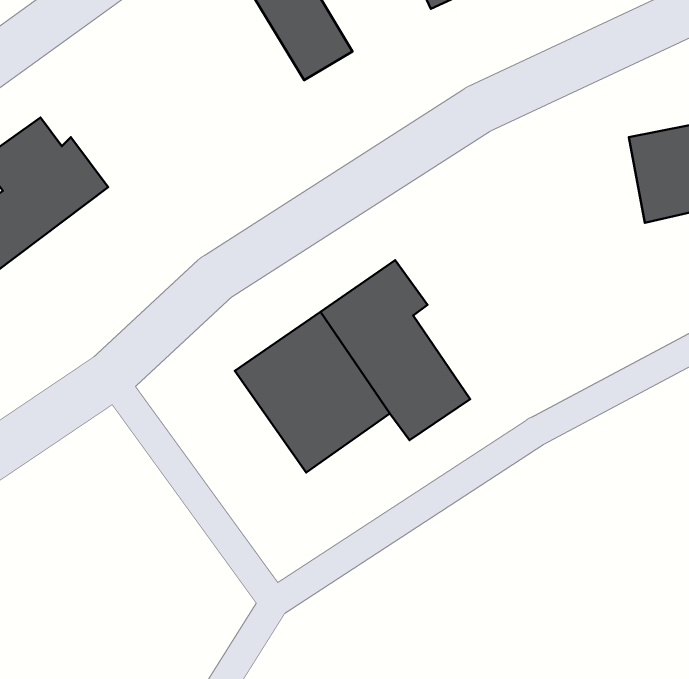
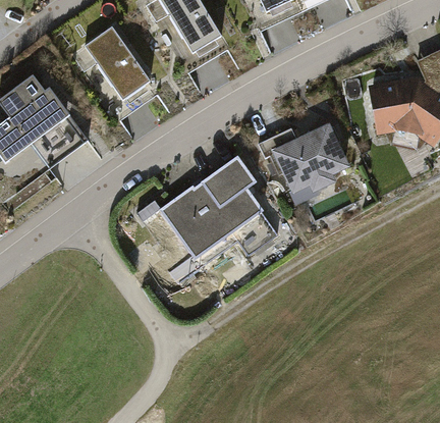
building: none -> [79,25,144,99]
building: none -> [256,121,352,193]

